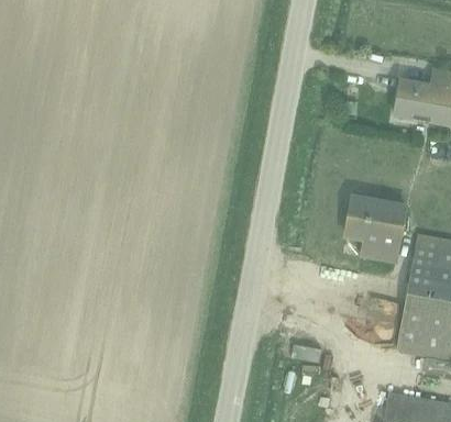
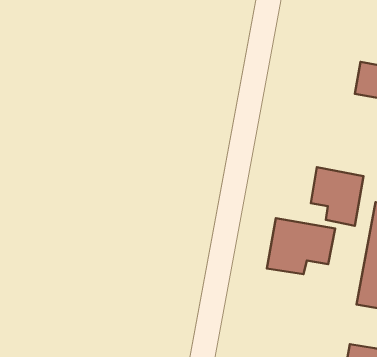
building: none -> [267,218,335,274]

